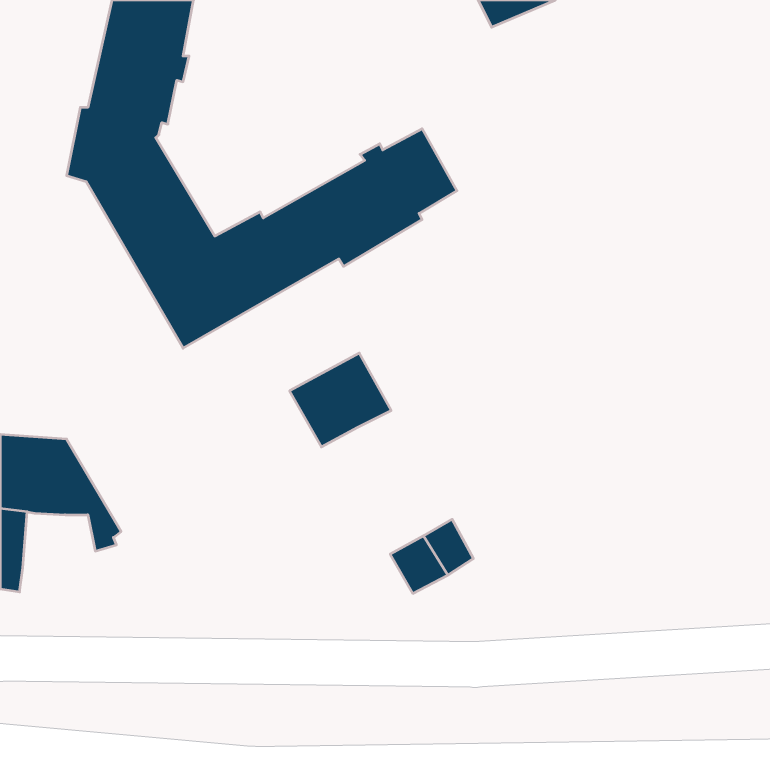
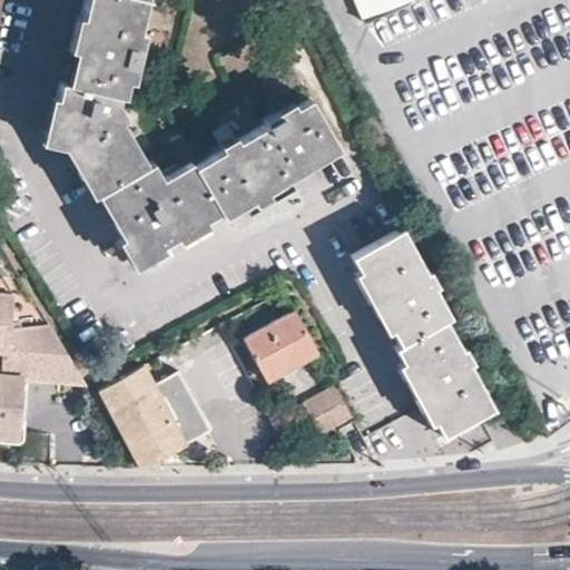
building: none -> [353,230,495,440]
building: [290,353,391,447] -> [244,314,318,383]
building: none -> [99,368,210,470]

